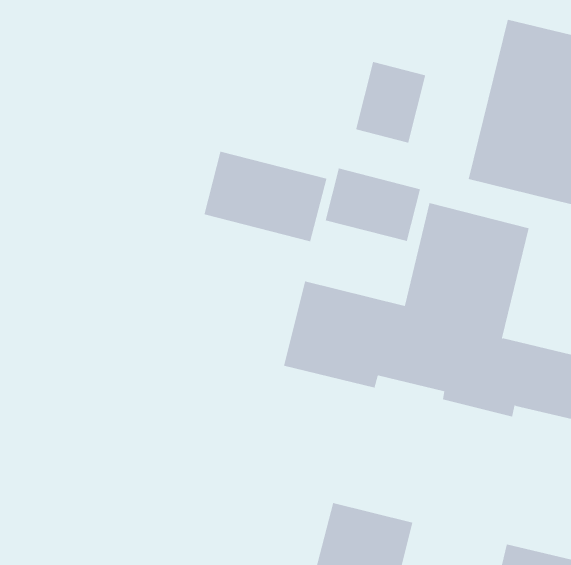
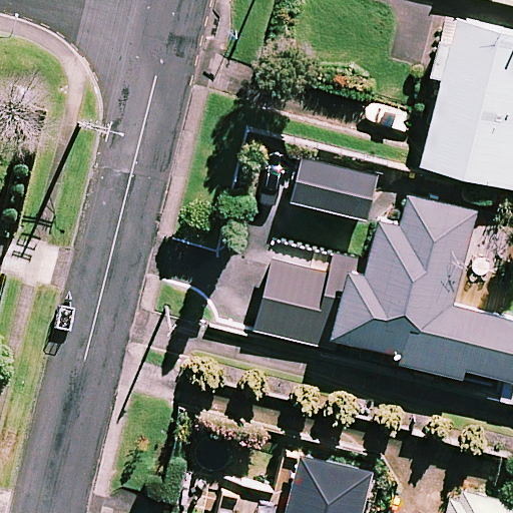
building: [355,61,426,143] -> none
building: [204,151,327,242] -> none

